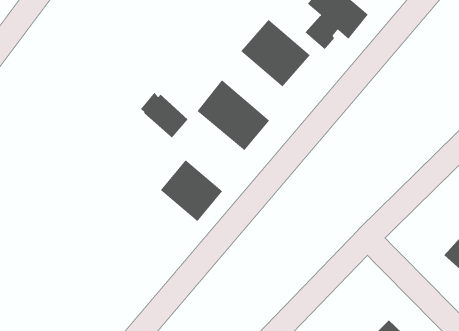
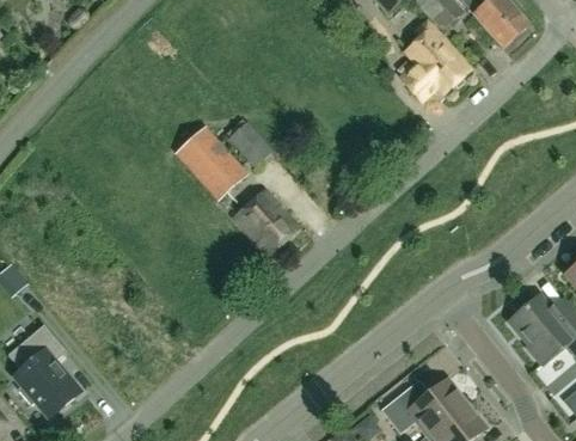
building: [240,19,311,88] -> none
building: [196,79,270,151] -> [176,124,249,200]

